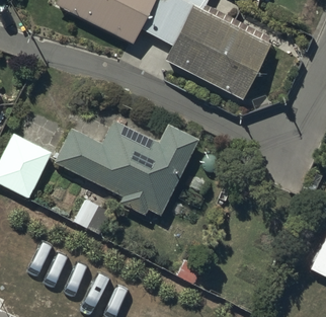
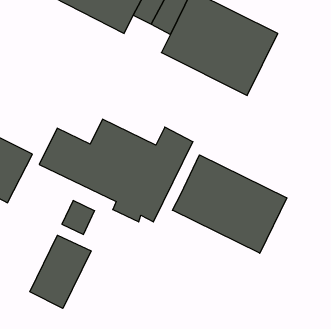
building: none -> [172,155,287,253]
building: none -> [30,235,91,308]

